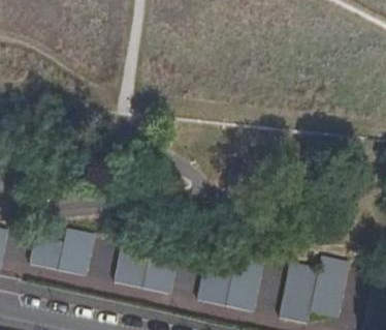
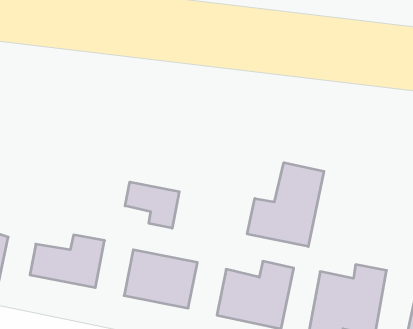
building: none -> [247,163,324,247]
building: none -> [125,182,179,228]

